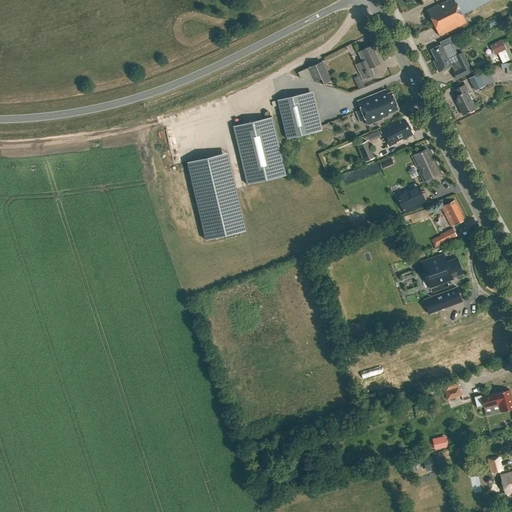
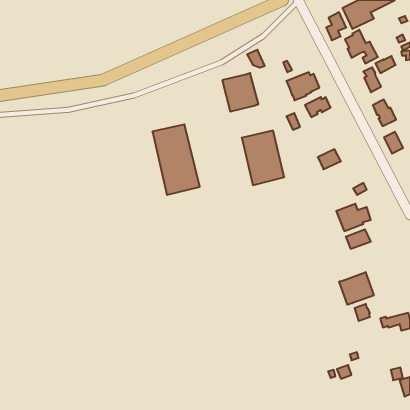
building: [355,45,380,80] -> [326,12,346,40]
building: [233,117,286,185] -> [242,131,284,185]
building: [412,149,441,182] -> [373,100,396,126]
building: [441,200,465,227] -> [384,132,403,154]
building: none -> [339,272,374,305]

